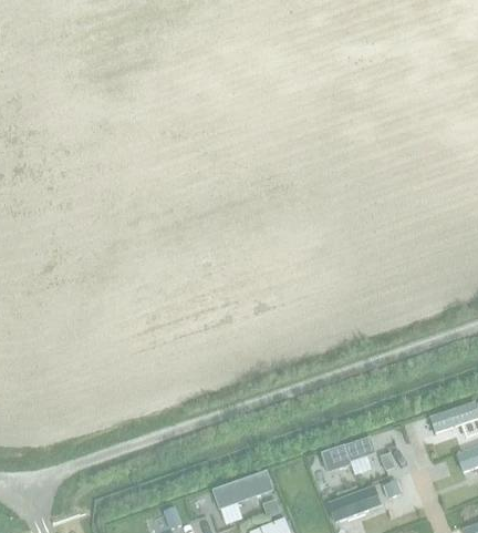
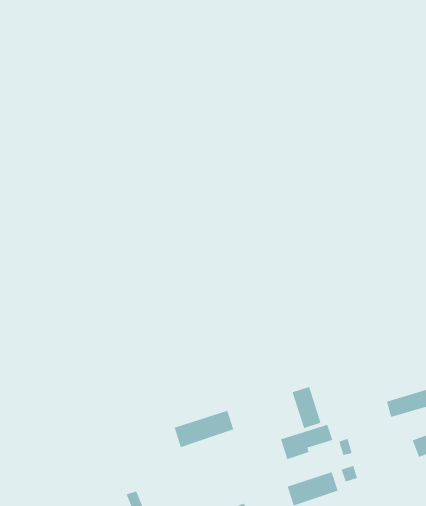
building: none -> [292,386,321,429]
building: [211,471,273,510] -> [174,410,234,448]

